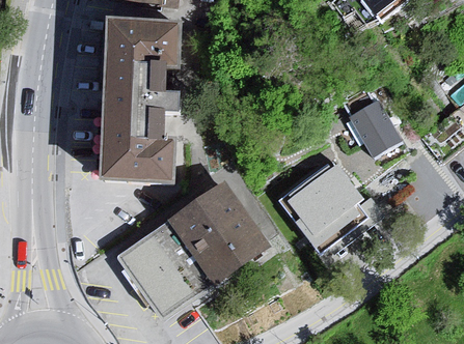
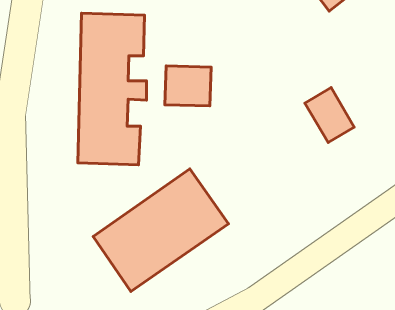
building: none -> [165,66,211,106]
building: [280,163,382,249] -> none

